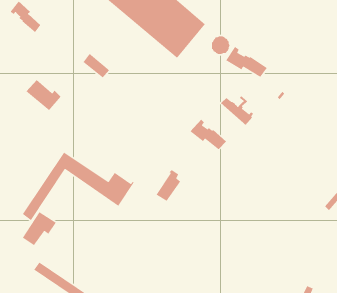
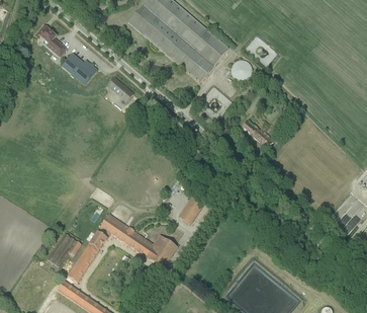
building: [225,46,268,78] -> none
building: [26,79,62,111] -> [61,53,96,84]
building: [190,119,227,150] -> none
building: [22,151,135,221] -> [68,214,179,283]

